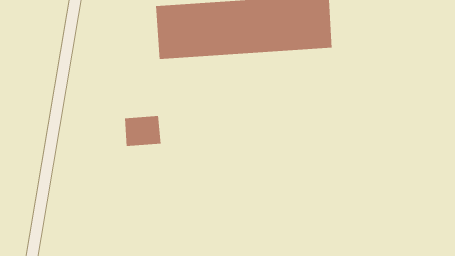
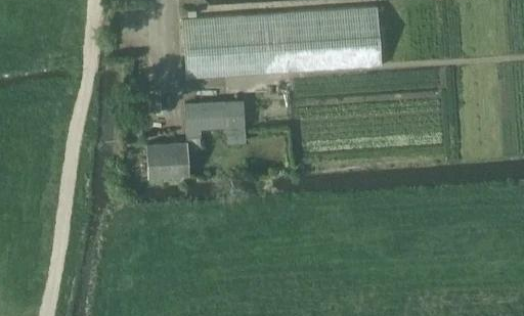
building: none -> [188,102,246,142]

